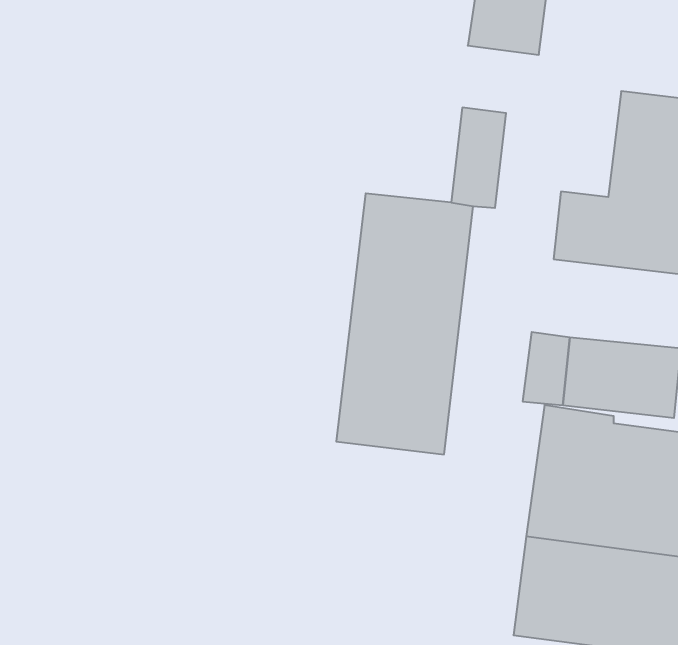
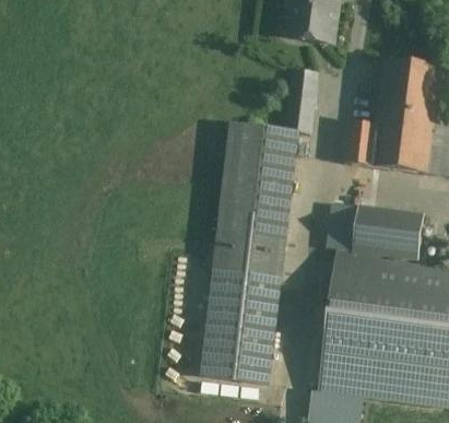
building: none -> [202,272,279,381]

